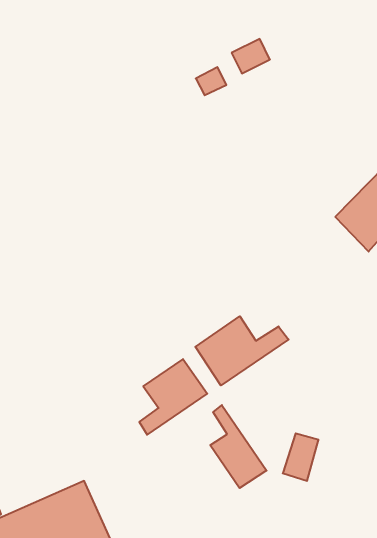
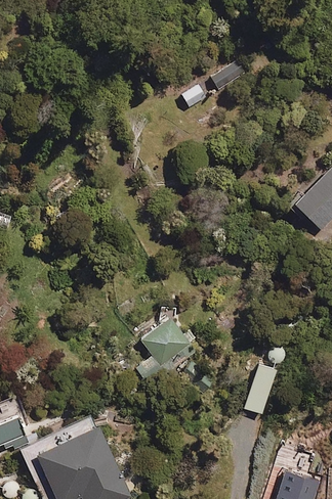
building: [195,316,289,385] -> none
building: [210,405,267,488] -> none

